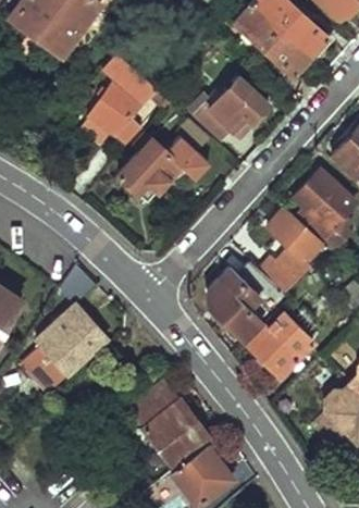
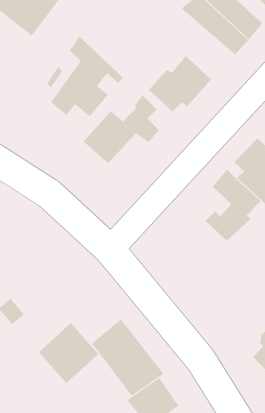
building: [207,260,315,377] -> none
building: [36,307,107,379] -> [38,322,99,384]

